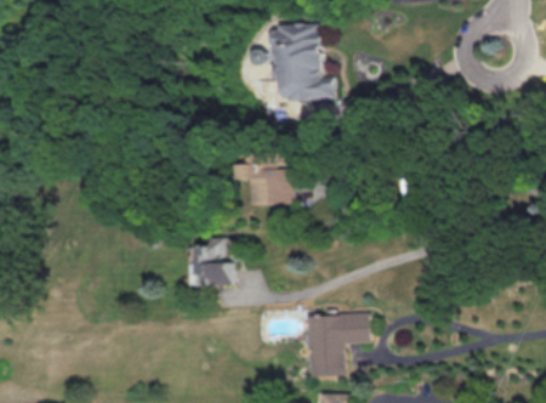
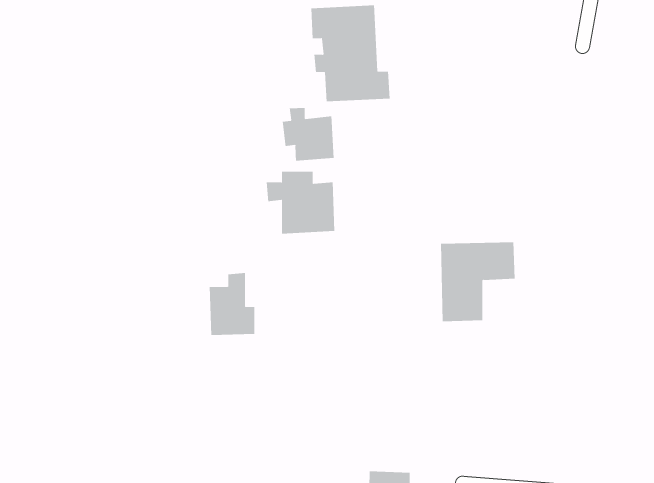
building: none -> [282,107,334,162]
building: [308,313,368,376] -> [440,242,516,322]

